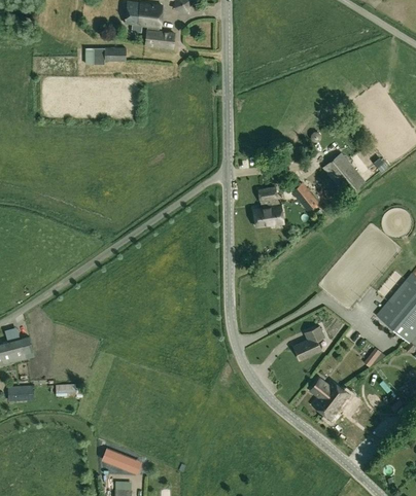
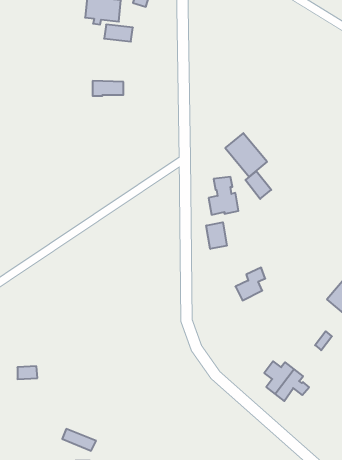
building: [95,46,127,62] -> [93,81,123,96]
building: [322,151,366,197] -> [225,133,267,177]
building: none -> [206,222,227,249]
building: [293,325,324,359] -> [235,268,265,300]

